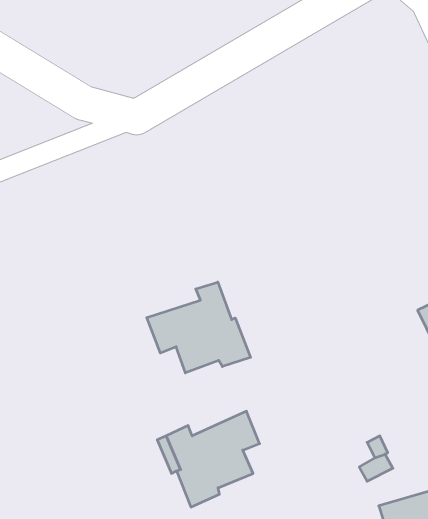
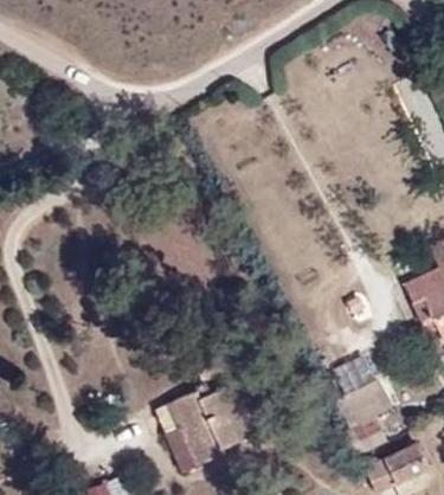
building: [147,282,251,373] -> none

